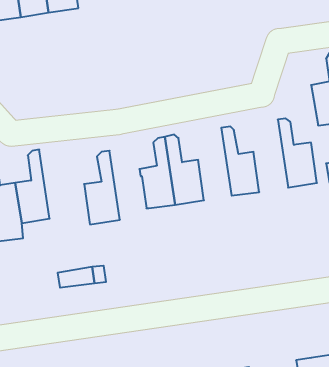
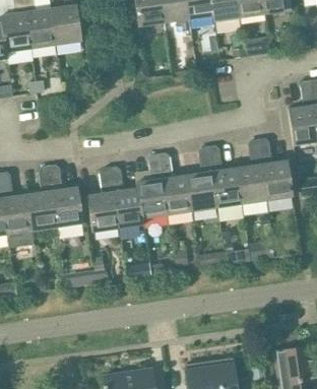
building: none -> [237,139,267,203]
building: none -> [188,146,217,210]
building: none -> [48,165,82,226]
building: none -> [110,166,145,228]

